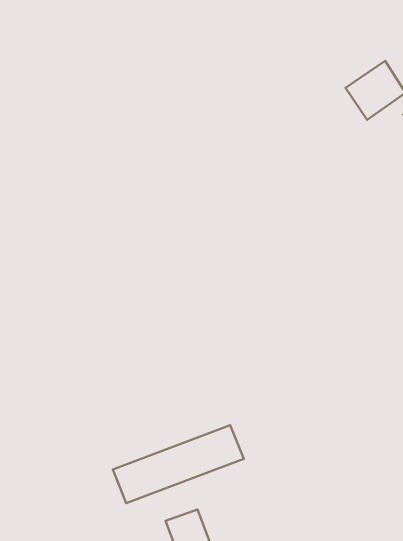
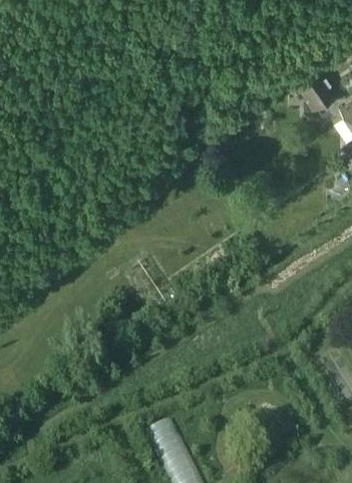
building: [113,425,244,503] -> none

